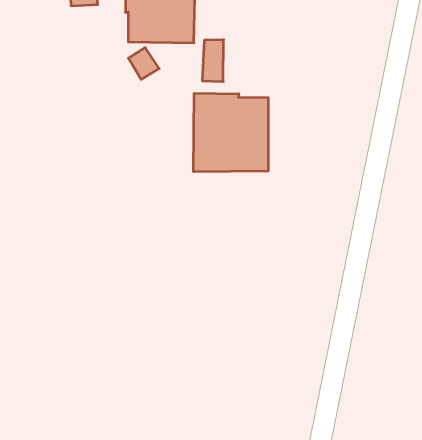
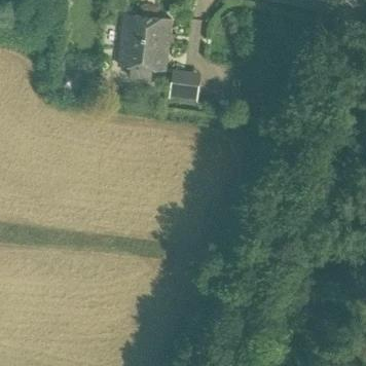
building: [194,93,268,172] -> none

